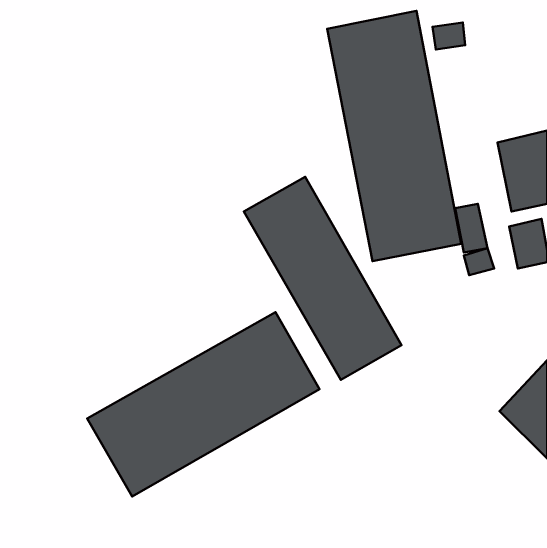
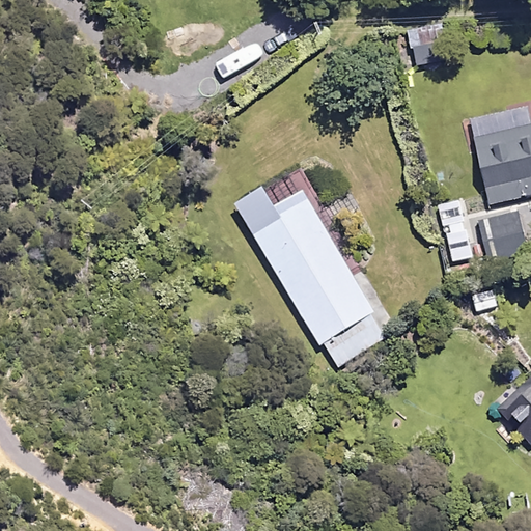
building: [327,11,461,261] -> none
building: [87,312,319,496] -> none

